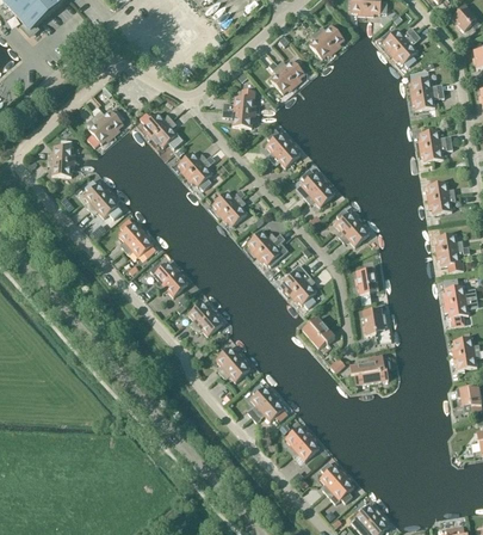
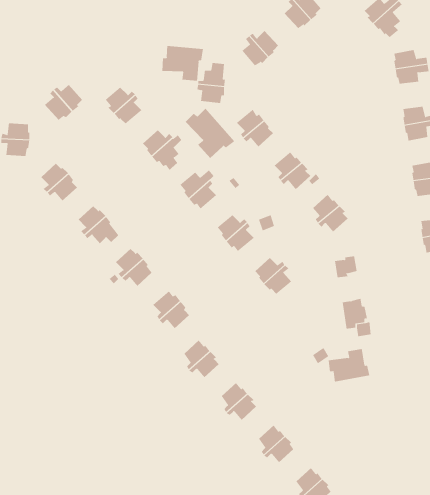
building: none -> [162,45,204,81]
building: none -> [185,108,235,159]
building: [301,318,334,349] -> none

